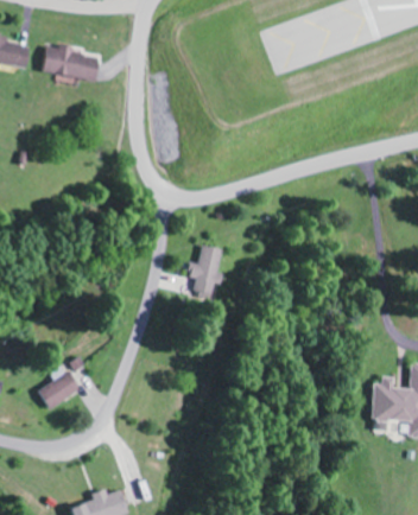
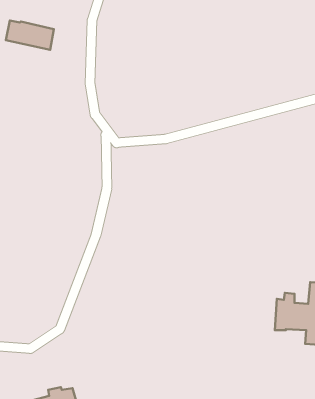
building: [190,246,226,297] -> none
building: [39,363,80,409] -> none

